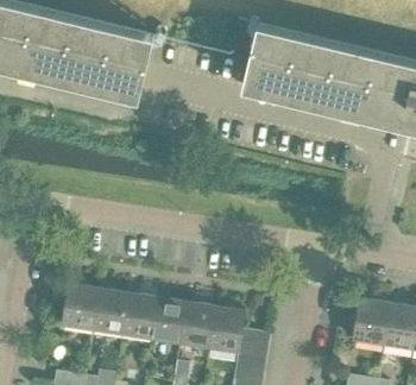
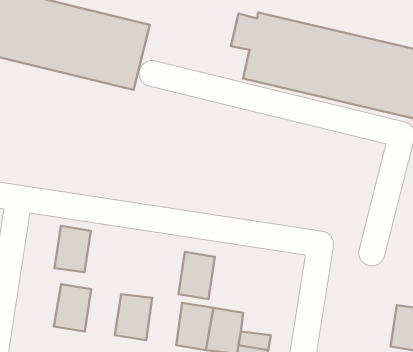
building: [93,291,127,335] -> [55,226,91,272]
building: [151,299,185,345] -> [179,252,215,299]
building: [354,302,390,346] -> none

